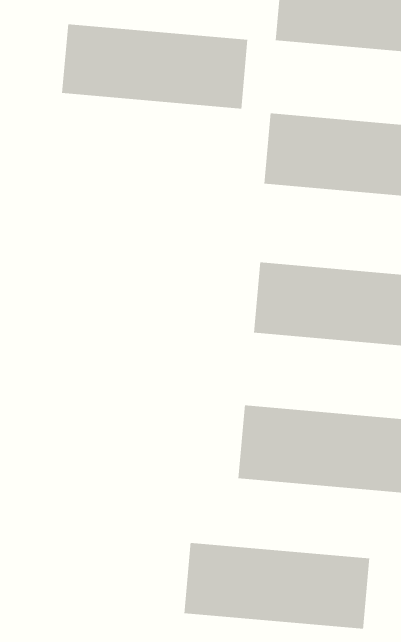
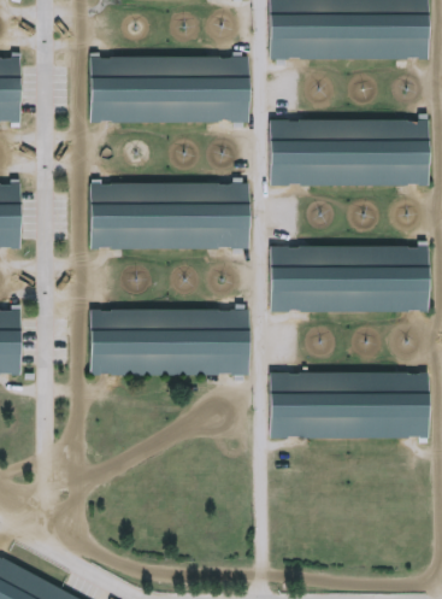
building: none -> [89,184,246,251]
building: none -> [90,311,244,374]
building: [184,542,370,630] -> none

